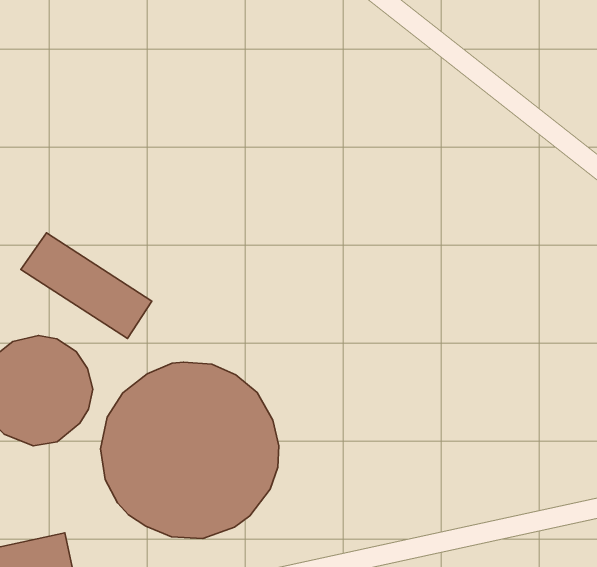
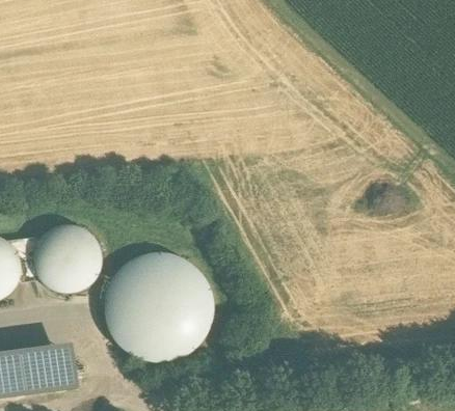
building: [21,233,152,338] -> none

